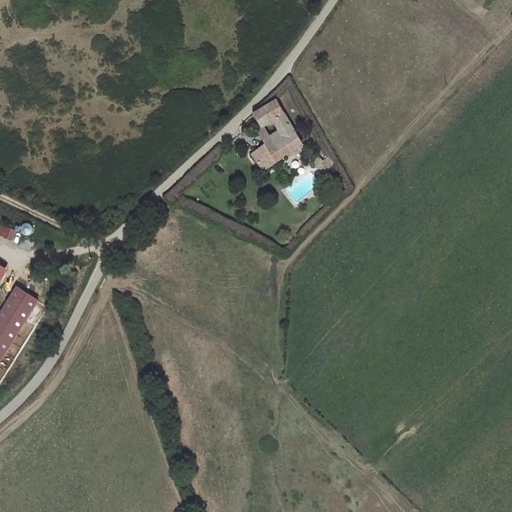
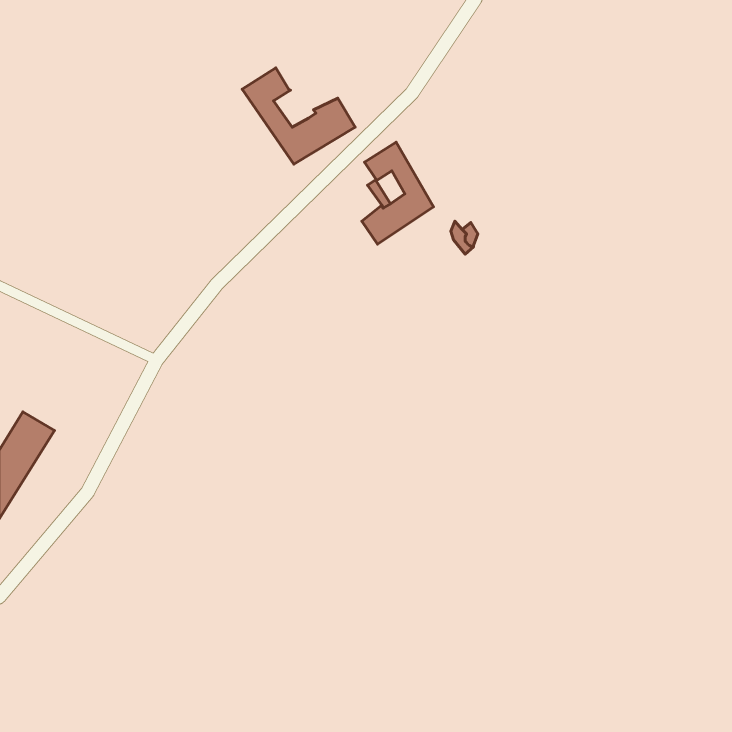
building: none -> [242,68,355,164]

